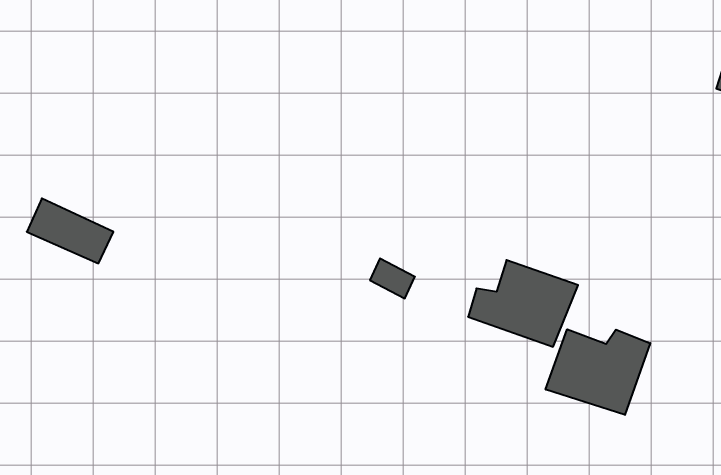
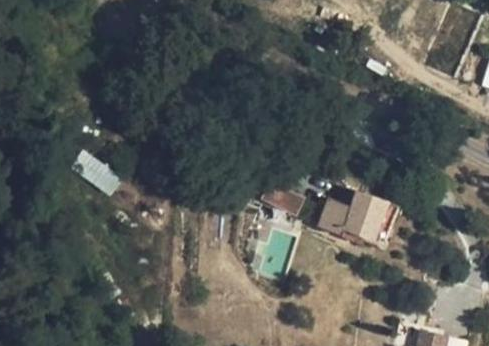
building: [546,329,650,415] -> none

